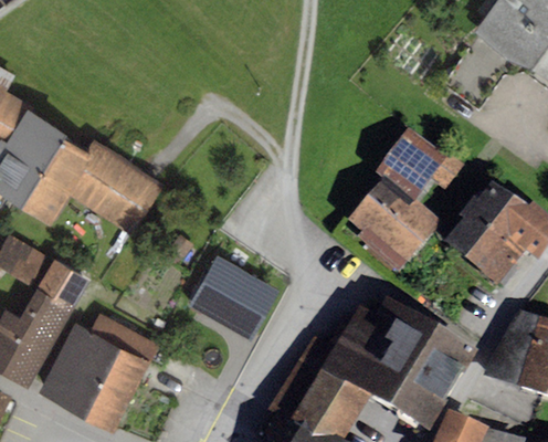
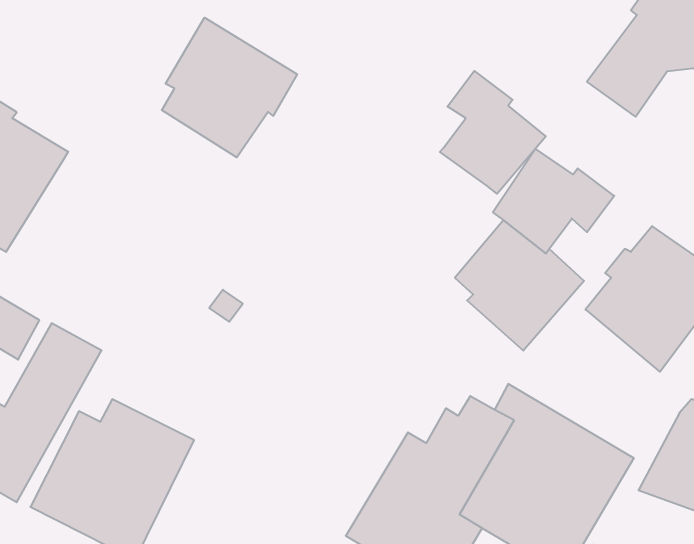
building: none -> [162,18,297,157]
building: none -> [440,71,546,194]
building: [21,136,164,233] -> none
building: [188,251,281,337] -> none

